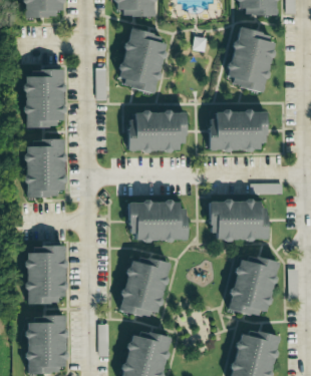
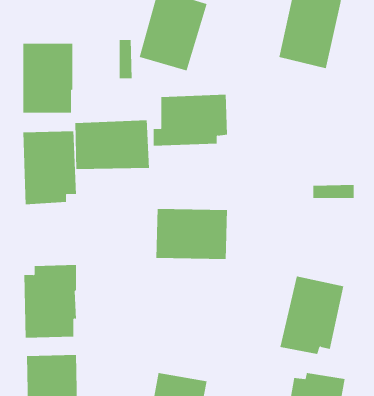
building: [211,110,268,151] -> none
building: none -> [75,120,149,170]
building: [211,200,269,242] -> none
building: [119,256,171,320] -> none

